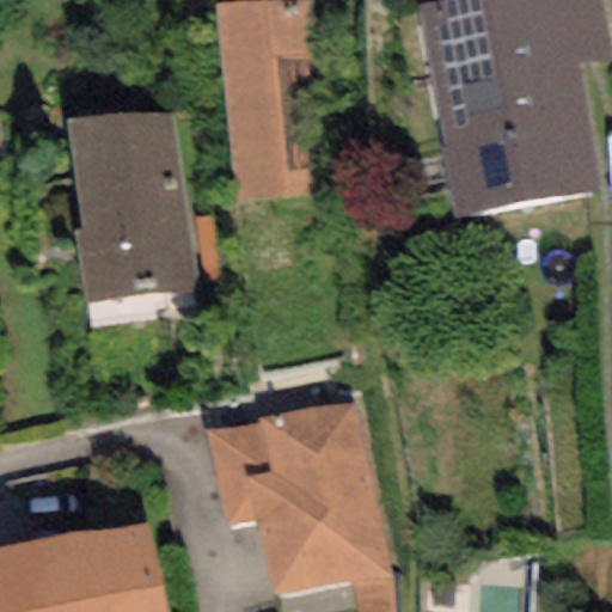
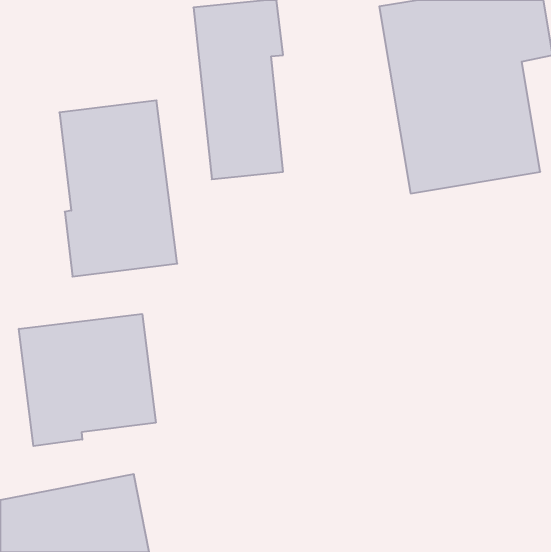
building: none -> [19,314,156,446]
building: [208,397,391,599] -> none

